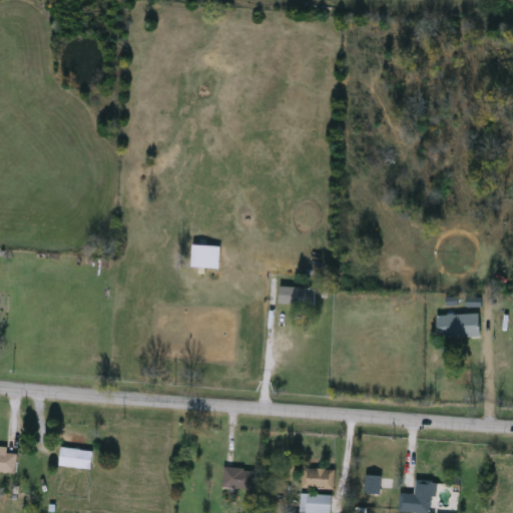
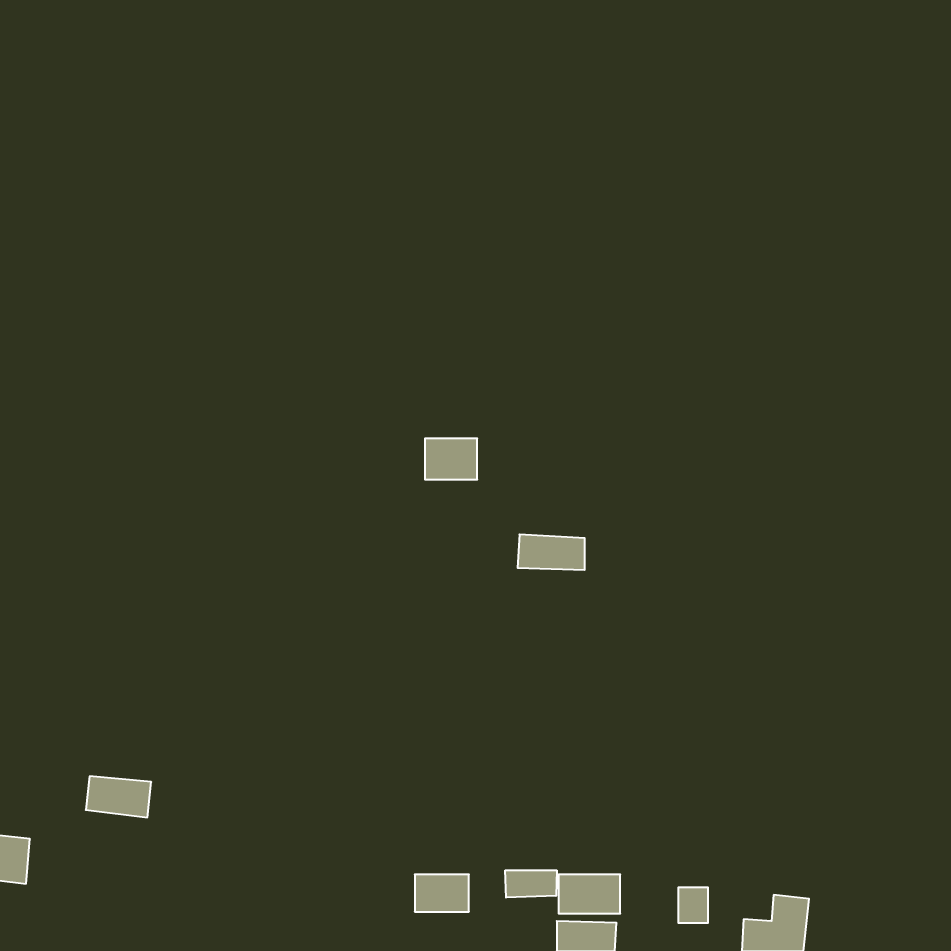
building: [190,245,218,268] -> [425,438,477,480]
building: [436,315,479,338] -> none
building: [57,448,92,470] -> [86,776,151,817]
building: none -> [505,870,557,898]

